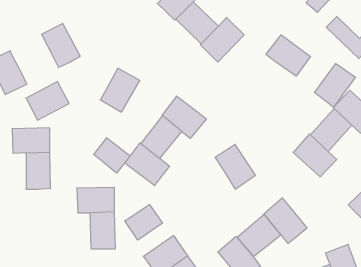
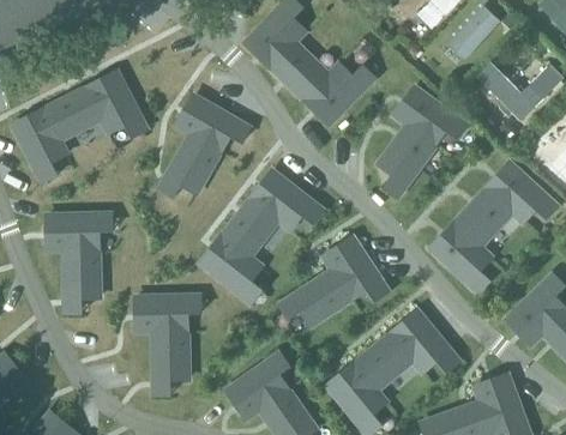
building: none -> [176,97,237,151]
building: [314,63,356,107] -> [379,126,435,186]
building: [26,82,69,120] -> [43,89,102,141]
building: [94,138,130,173] -> none
building: none -> [291,271,351,326]
building: [125,204,162,240] -> none

